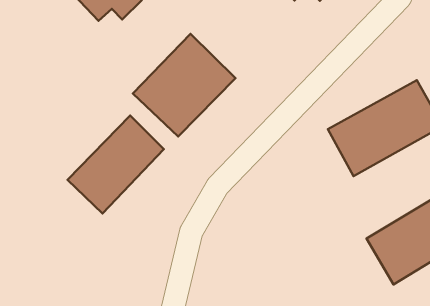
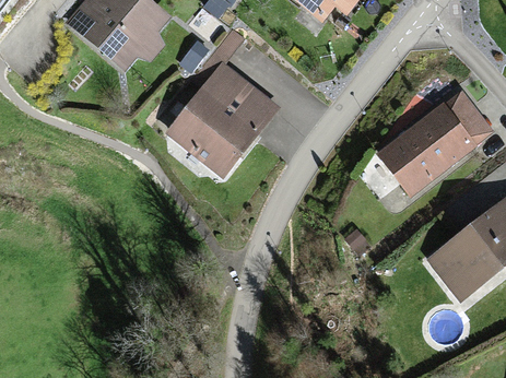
building: [68,115,164,213] -> none

